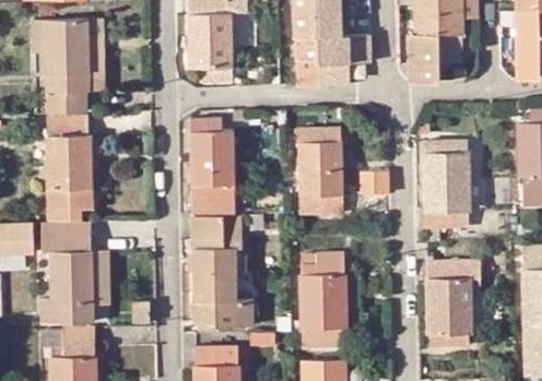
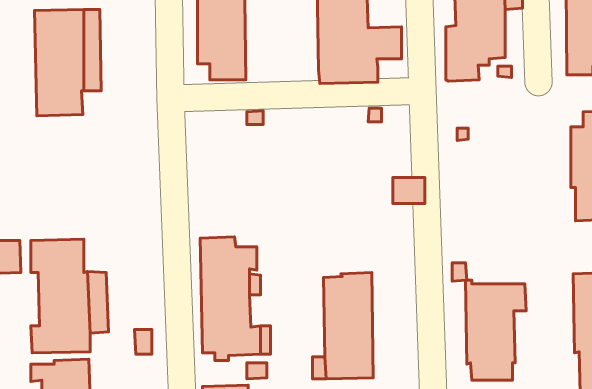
building: [46,117,92,219] -> none
building: [190,118,235,214] -> none
building: [297,127,342,214] -> none
building: [419,141,469,242] -> none

